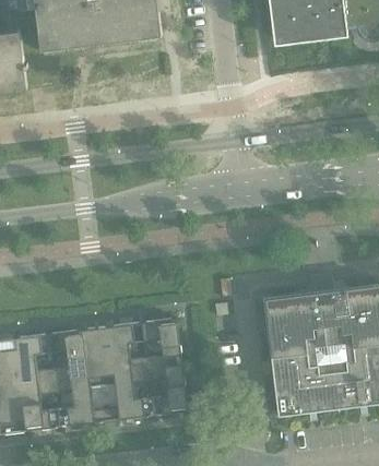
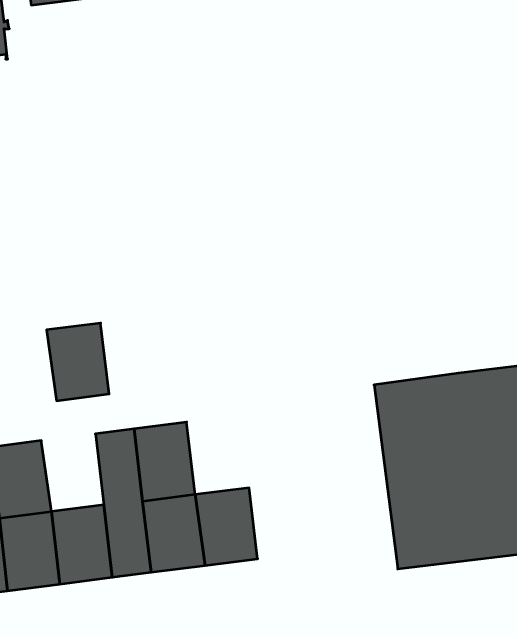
building: [141,318,181,369] -> none
building: [47,330,87,380] -> [47,323,109,401]

